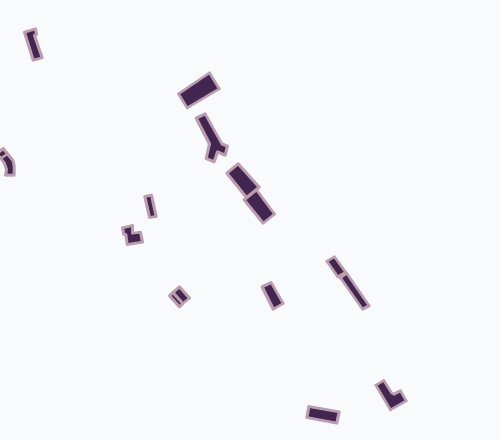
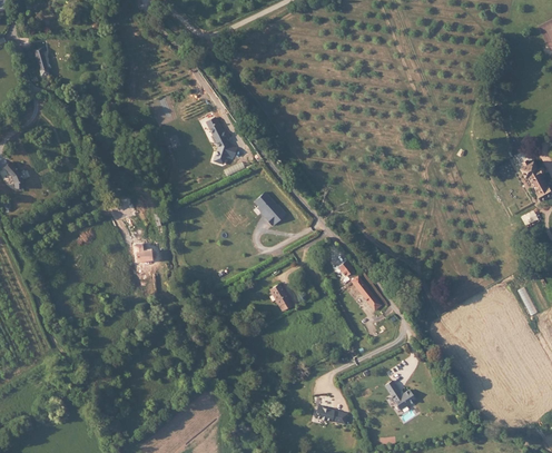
building: [178,73,219,108] -> none
building: [227,164,259,197] -> none

